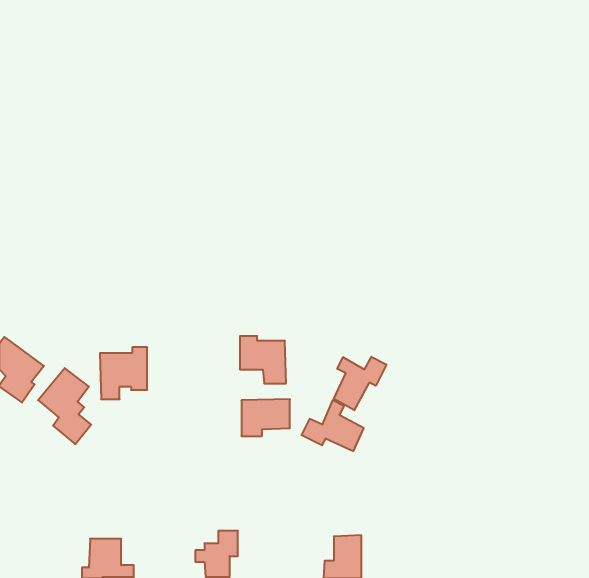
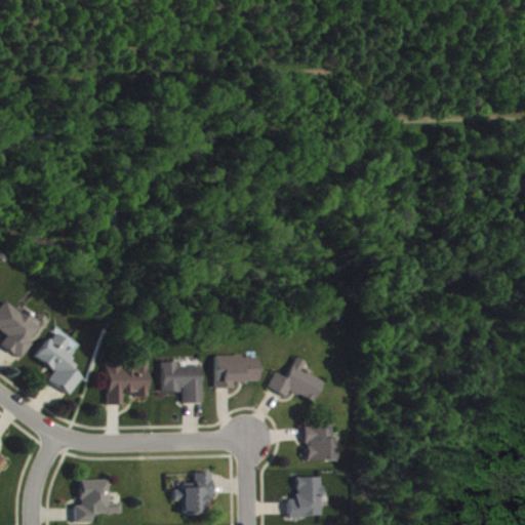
building: [240,336,286,383] -> [160,361,201,403]
building: [100,347,147,399] -> [105,358,147,404]
building: [334,357,386,410] -> none
building: none -> [305,427,337,459]

